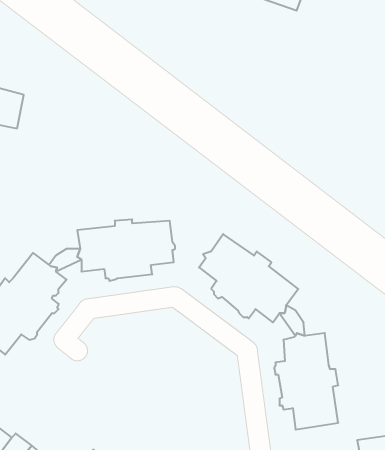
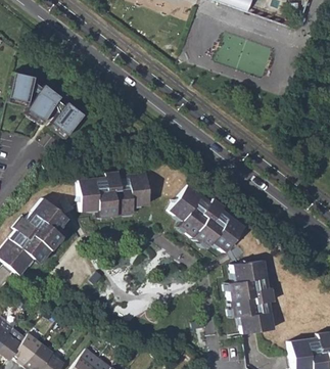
building: none -> [29,84,61,119]
building: none -> [52,101,85,134]

